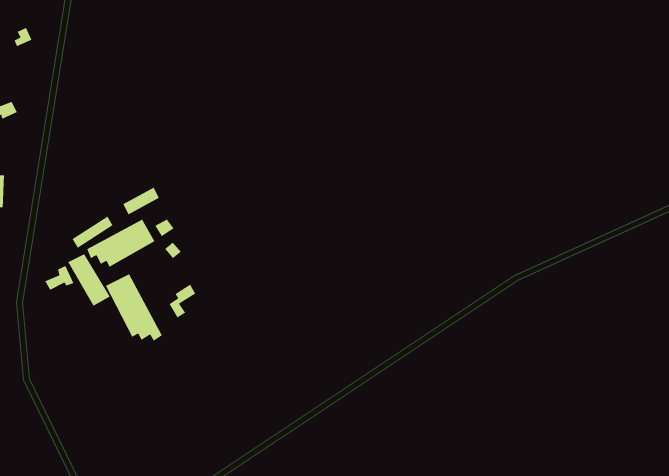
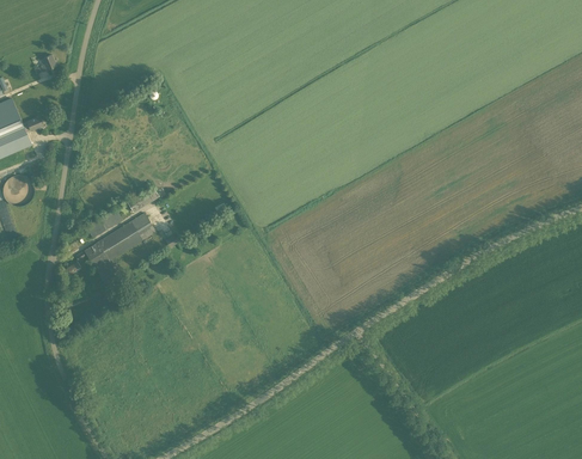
building: [105,273,163,342] -> none

